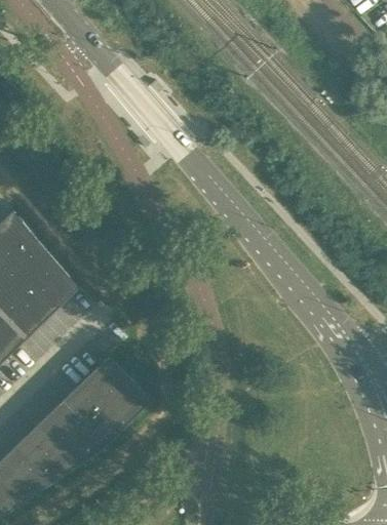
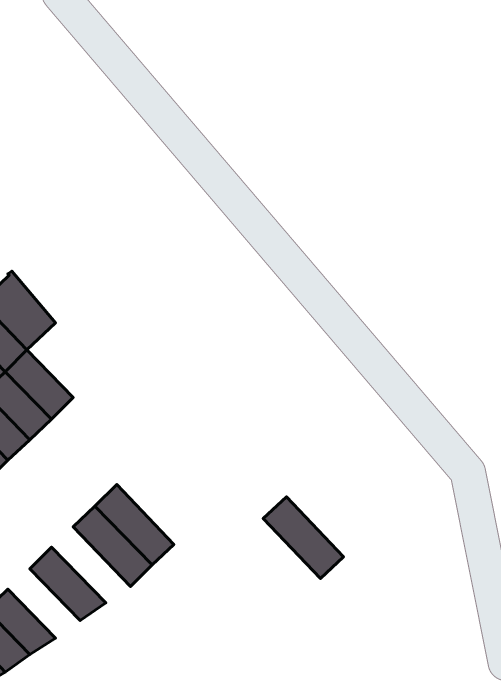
building: [24,249,79,306] -> none
building: [91,355,152,416] -> [263,497,344,578]
building: [42,403,102,460] -> none
building: [9,435,64,487] -> none

